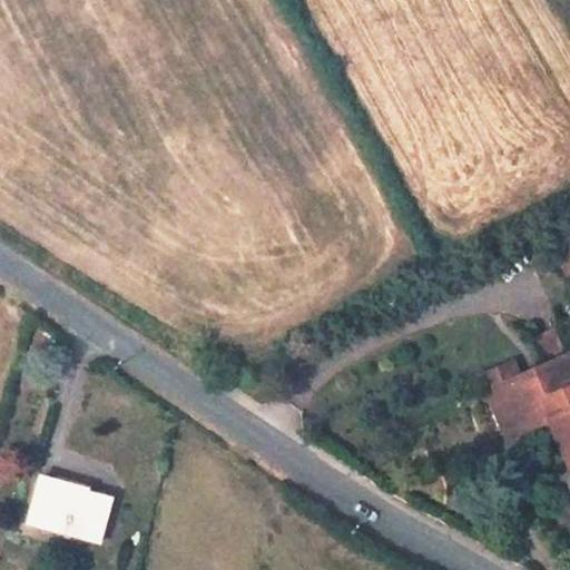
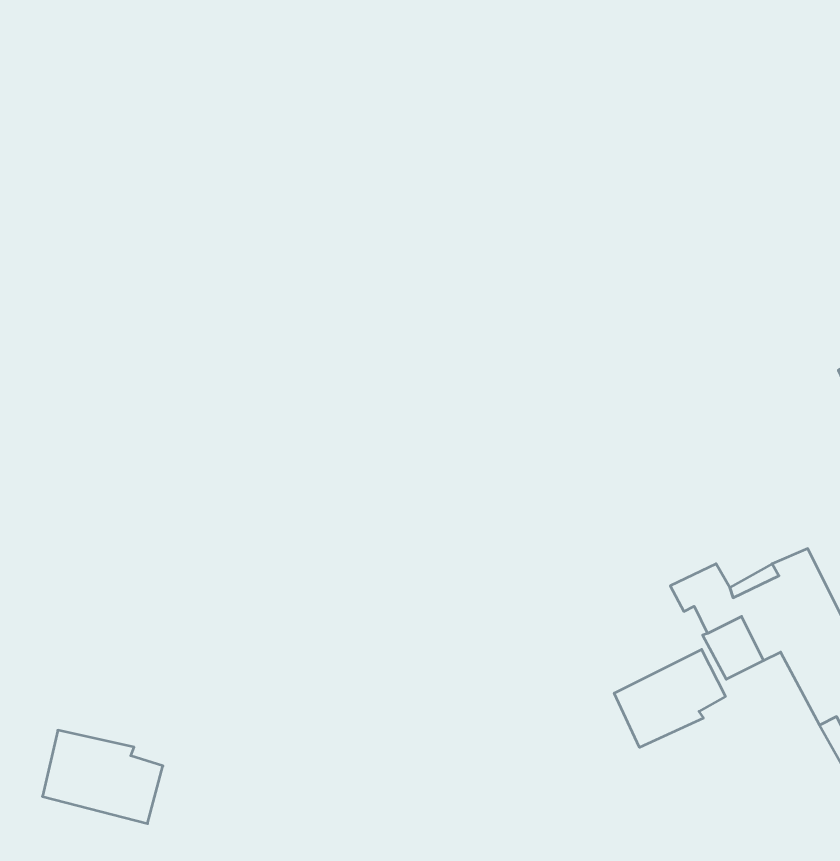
building: none -> [614,649,725,747]

